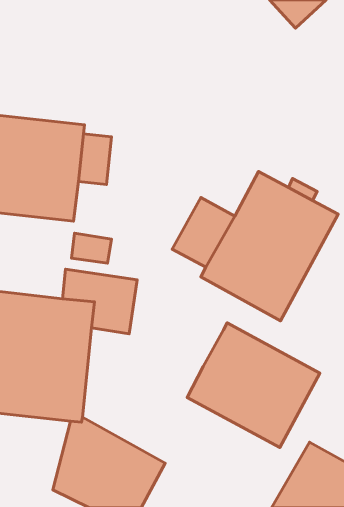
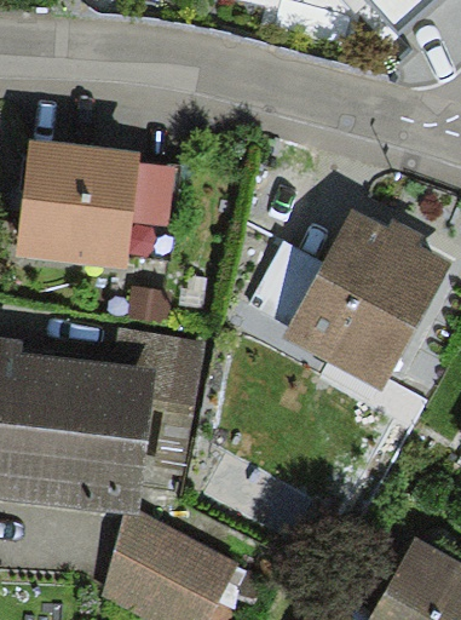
building: [187,323,320,448] -> none

